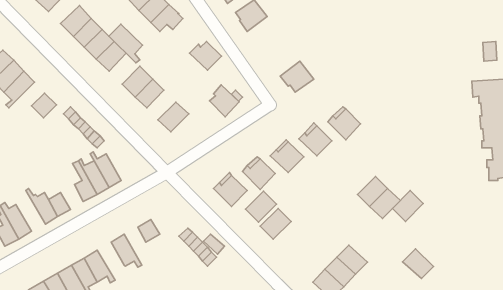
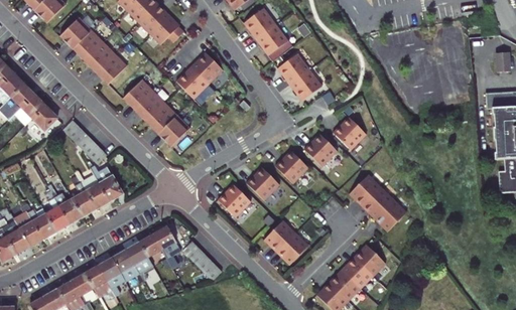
building: none -> [251,27,284,59]
building: [109,24,143,63] -> none
building: none -> [273,54,304,88]
building: none -> [9,94,45,125]
building: [209,85,239,117] -> [180,64,211,97]
building: none -> [149,102,178,132]
building: none -> [52,186,85,222]
building: [392,191,423,221] -> [350,176,381,207]
building: none -> [16,203,46,245]
building: [246,191,276,222] -> [277,235,308,266]
building: none -> [153,225,178,263]
building: none -> [126,241,153,272]
building: none -> [99,256,126,294]
building: [403,249,433,279] -> [354,246,385,276]

